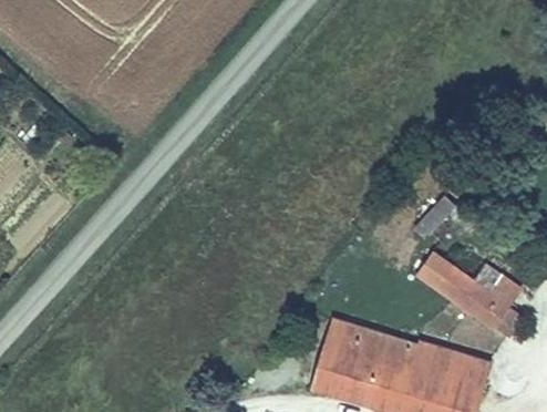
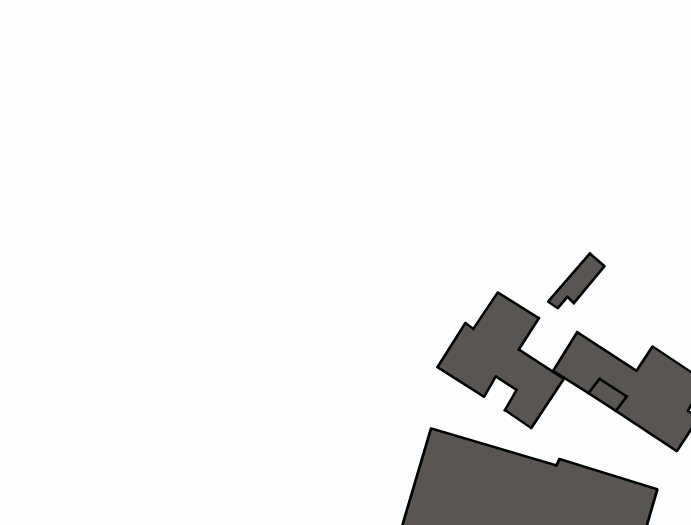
building: none -> [437,293,564,428]

